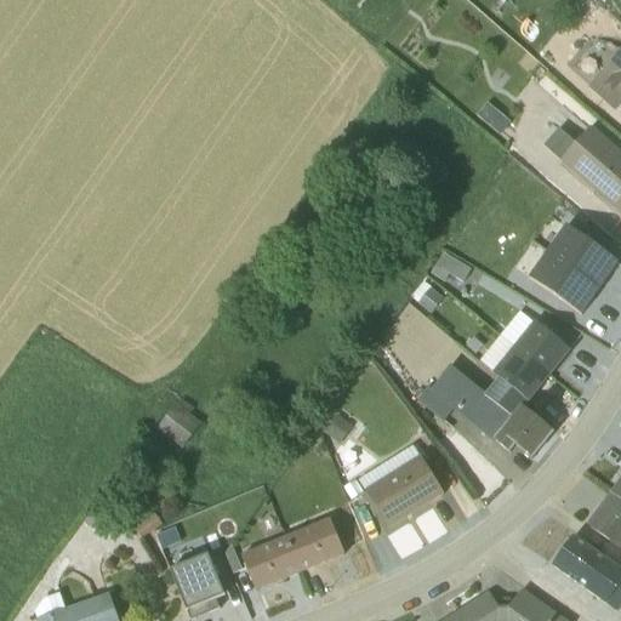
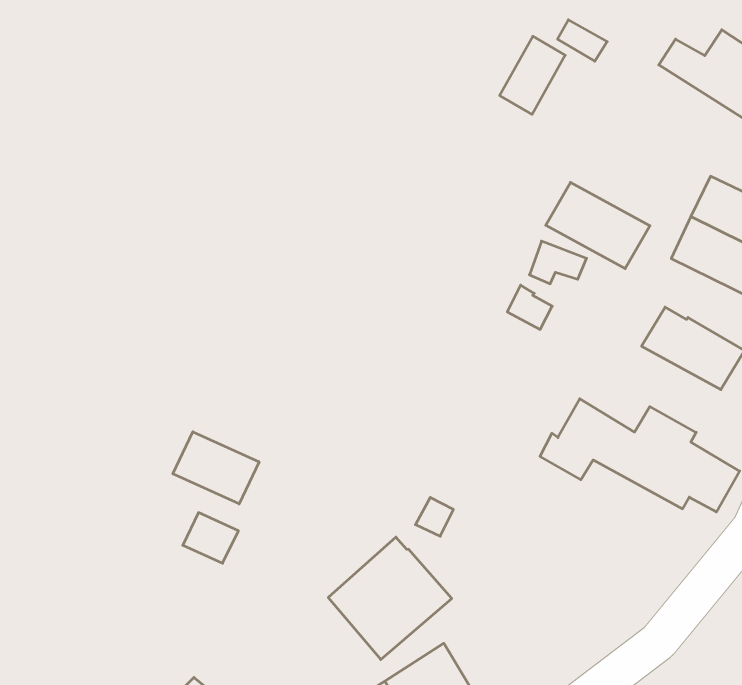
building: none -> [500,36,565,114]
building: [479,335,551,400] -> [546,182,650,269]
building: none -> [173,432,259,504]
building: [360,445,445,528] -> [328,537,452,660]

